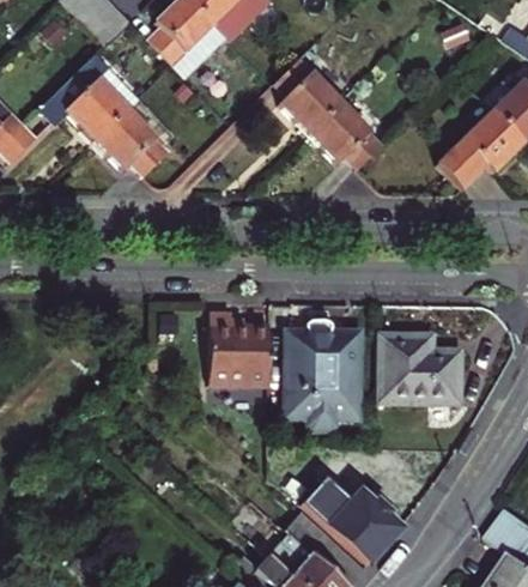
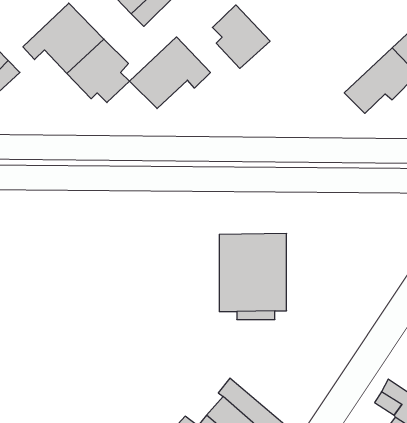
building: none -> [129,37,210,109]
building: [308,98,387,168] -> none
building: [204,316,265,389] -> none
building: [375,338,465,412] -> none
building: [298,478,395,561] -> none

